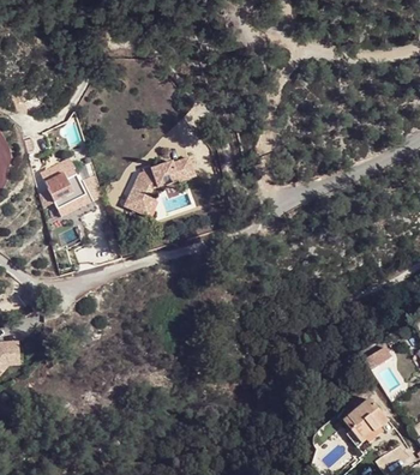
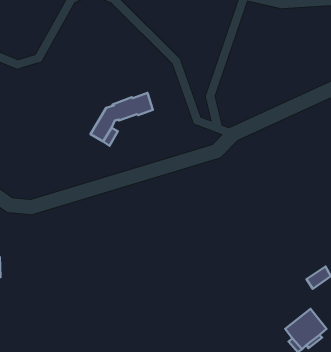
building: [43,168,95,217] -> none

